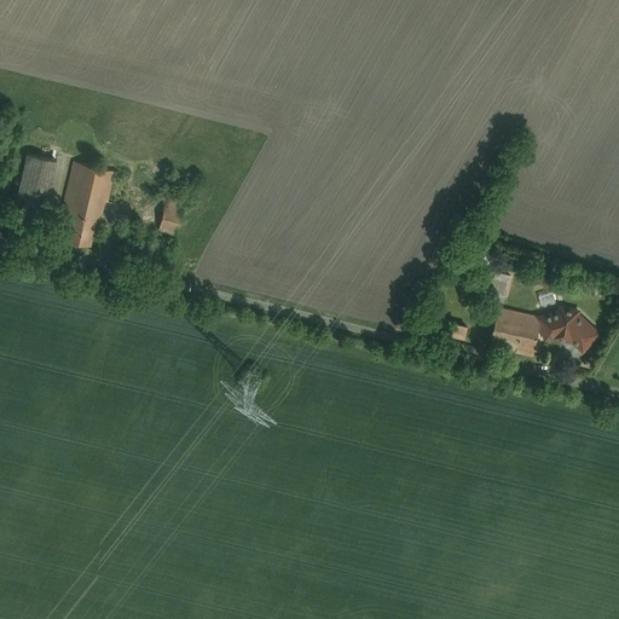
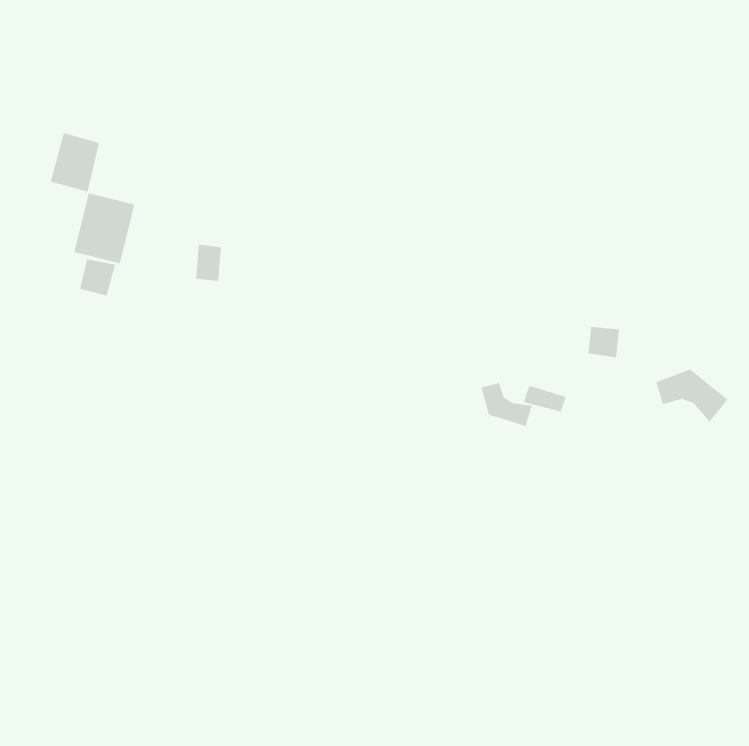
building: [15,158,56,208] -> [50,132,100,192]
building: [492,310,539,358] -> none
building: none -> [480,382,533,427]

